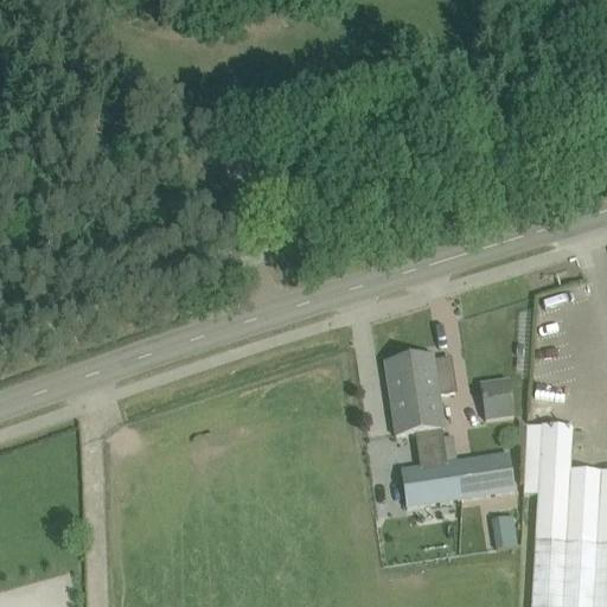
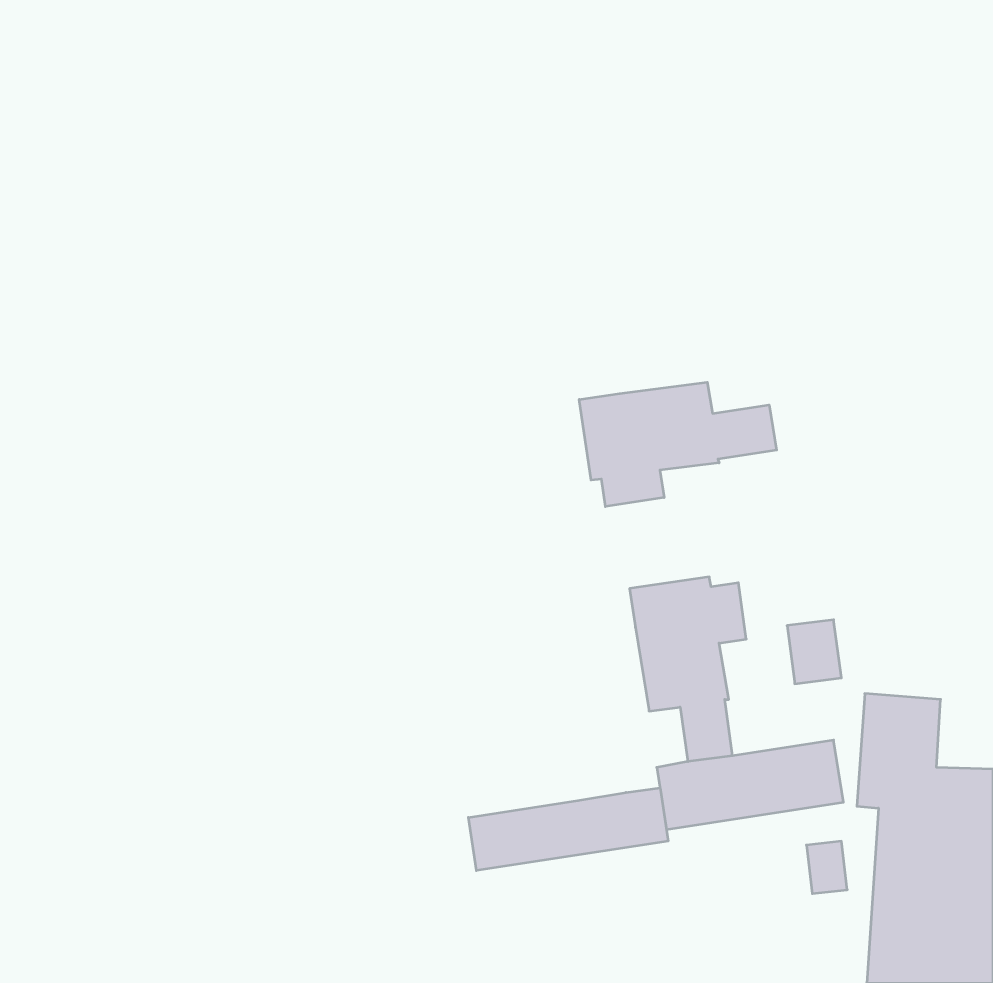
building: none -> [579,382,777,507]
building: none -> [468,788,668,871]

